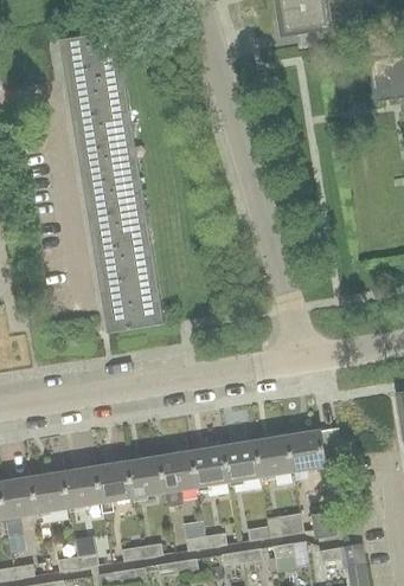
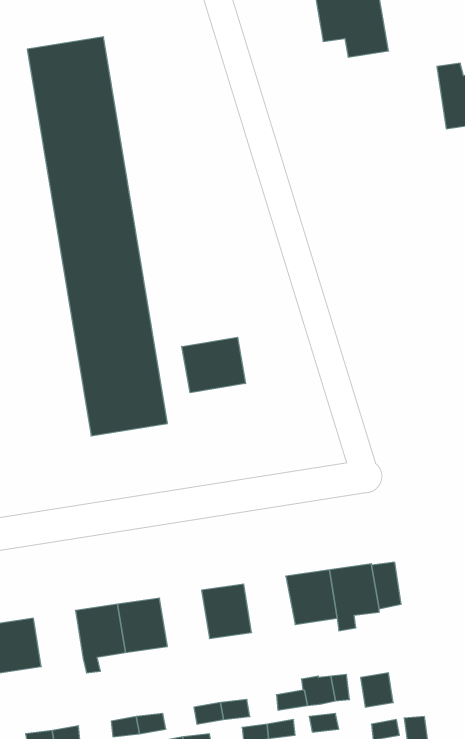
building: none -> [182,337,246,393]
building: [224,439,263,482] -> none
building: [160,450,198,507] -> none
building: [64,465,102,508] -> none

